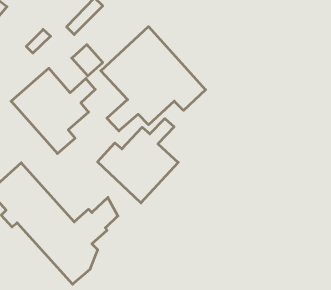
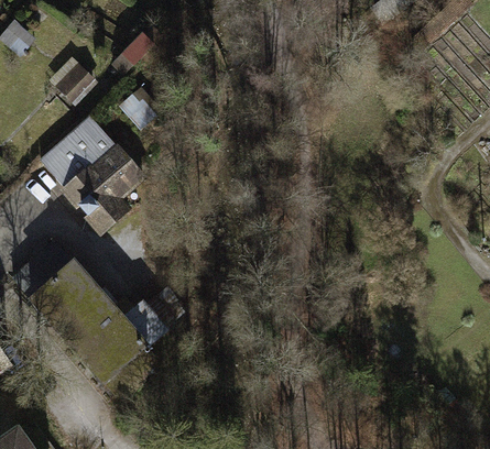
building: [101,27,206,131] -> none
building: [98,119,178,203] -> none

